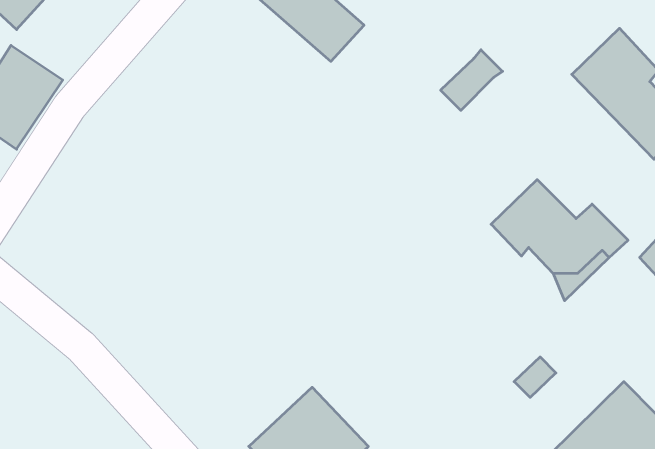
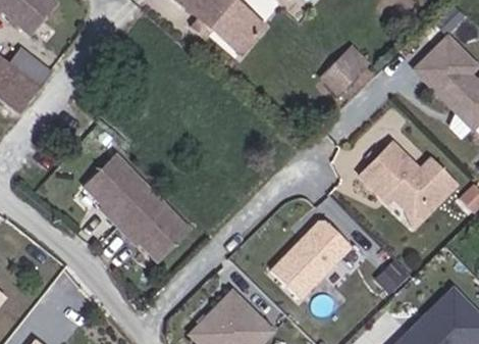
building: none -> [84,148,190,255]
building: none -> [271,219,352,296]

